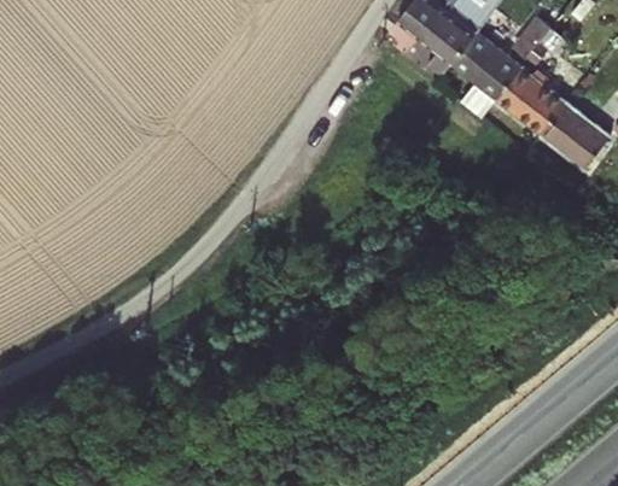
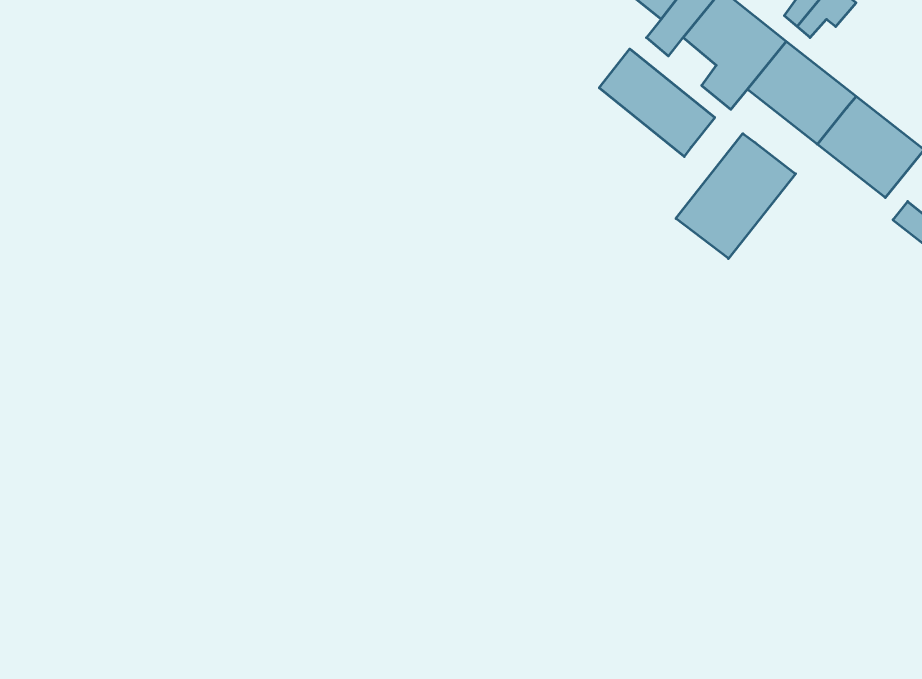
building: none -> [599,49,715,157]
building: none -> [676,134,796,259]

